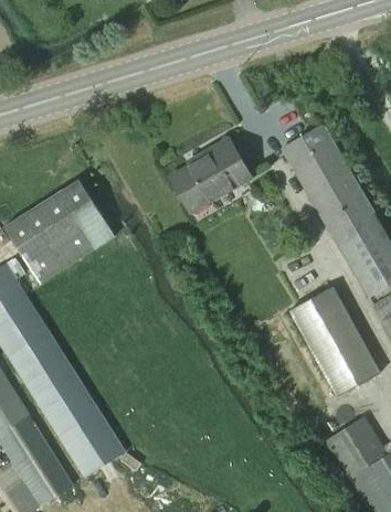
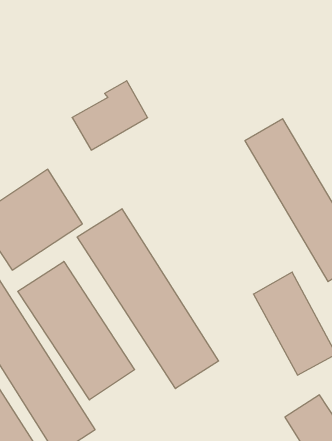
building: [171,139,251,212] -> [72,81,148,150]
building: none -> [77,209,219,389]
building: none -> [18,261,135,400]

